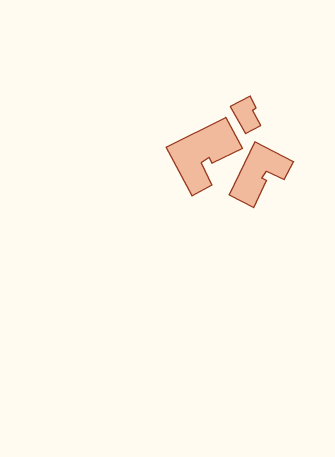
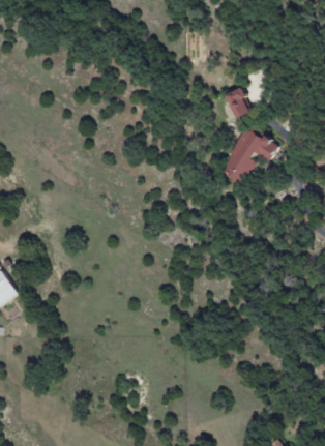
building: [166,117,242,196] -> none

